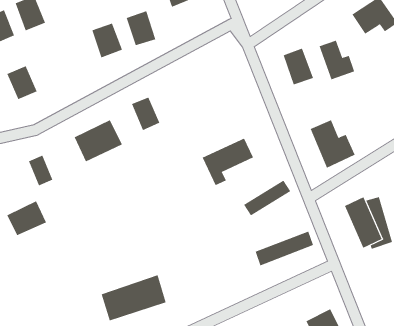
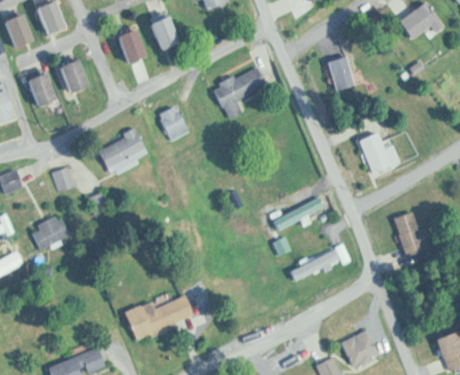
building: [319,40,355,80] -> none
building: none -> [60,60,92,96]
building: [202,138,254,186] -> [213,66,267,116]

